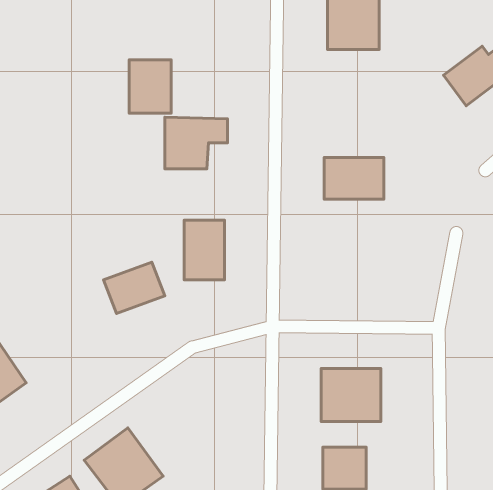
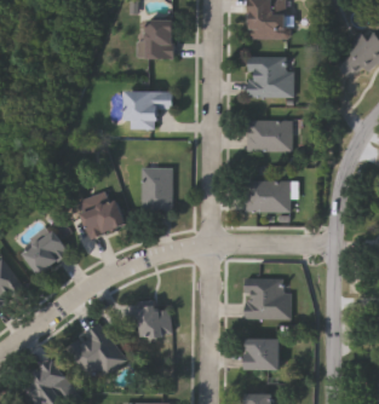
building: [129,60,171,113] -> [142,18,173,58]
building: none -> [247,56,291,97]
building: none -> [245,179,288,212]
building: none -> [22,229,69,273]
building: none -> [136,302,172,339]

